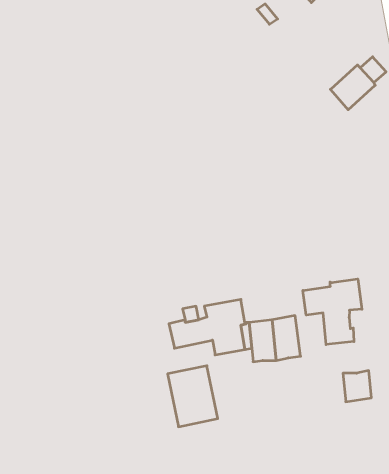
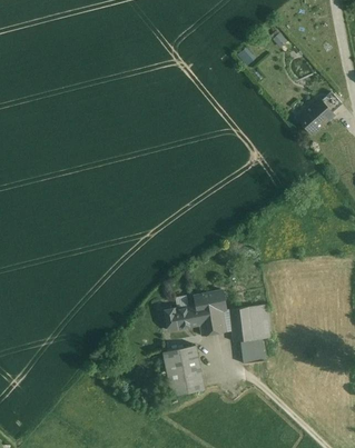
building: [303,279,362,345] -> none
building: [343,371,371,402] -> [240,338,264,364]

